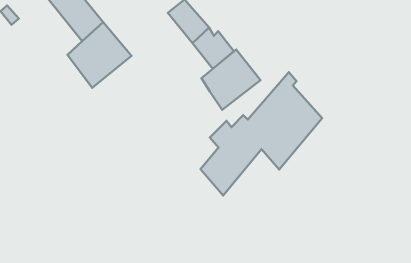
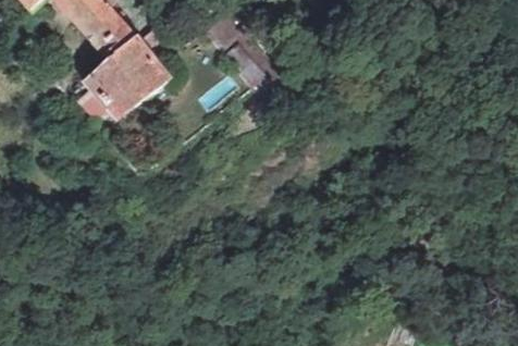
building: [201,49,260,110] -> none
building: [200,72,322,195] -> none

